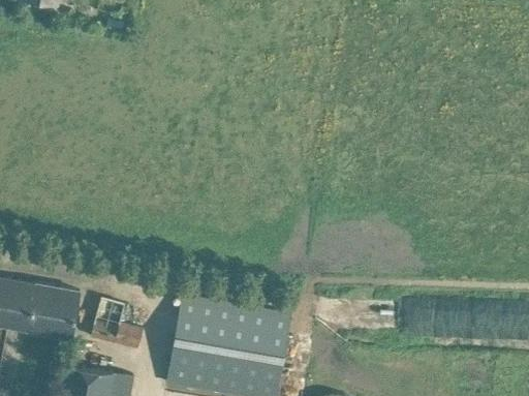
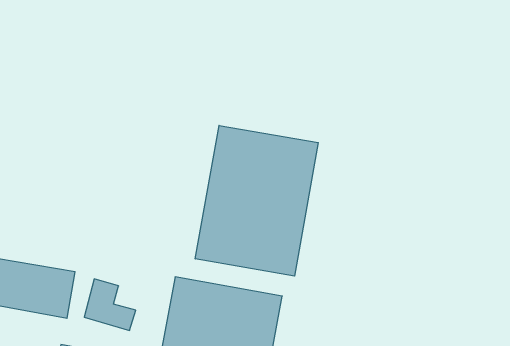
building: none -> [195,125,318,276]

